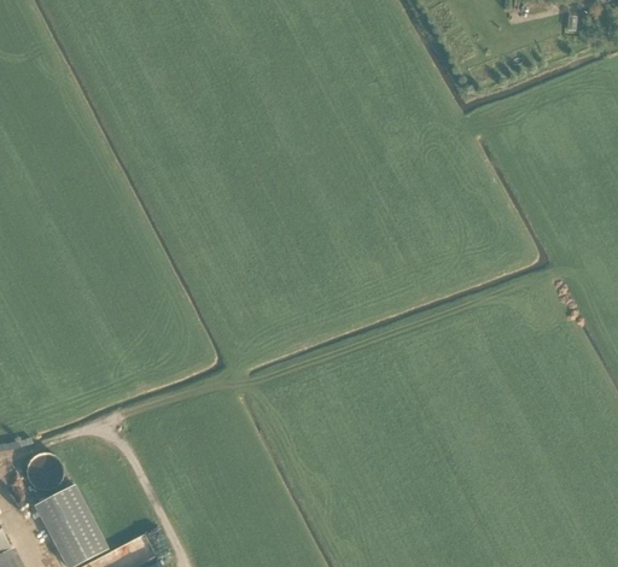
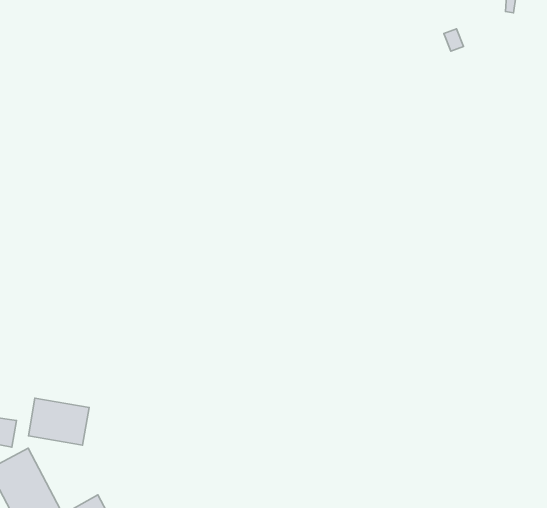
building: none -> [28,398,89,445]

